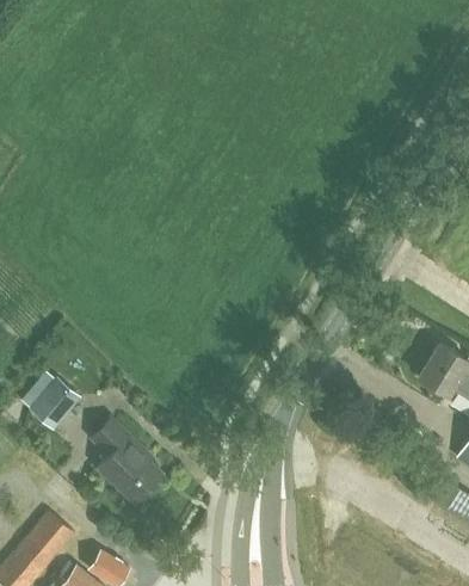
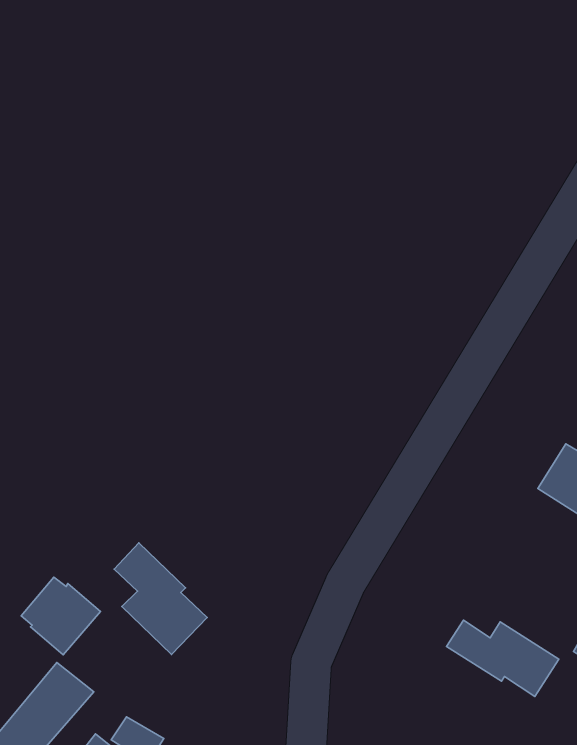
building: [21,372,82,432] -> [21,577,100,655]
building: none -> [446,620,559,696]

